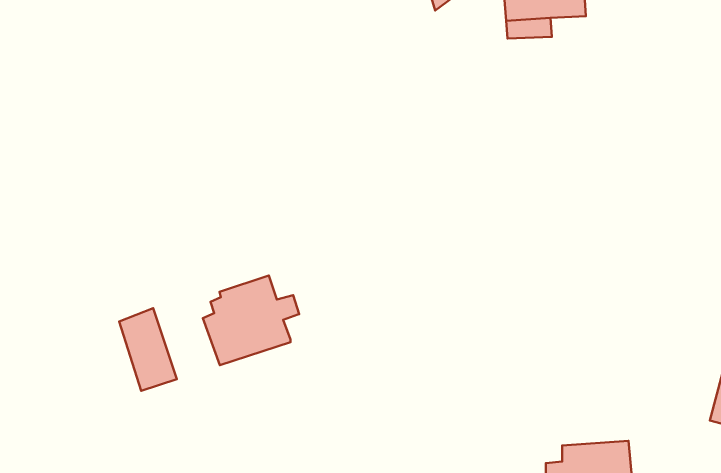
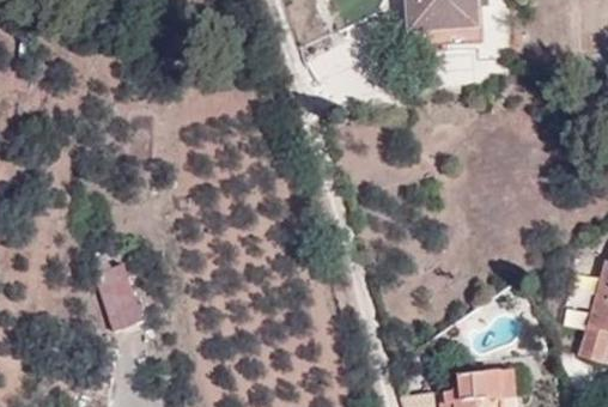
building: [203,275,299,365] -> none

